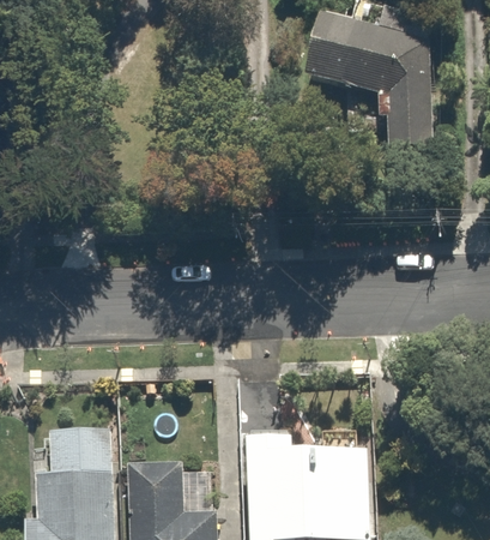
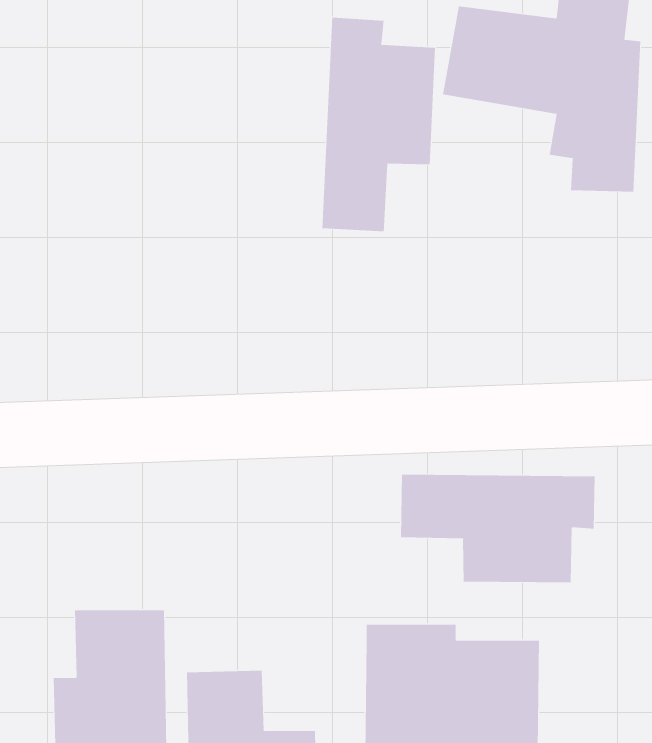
building: none -> [322,17,435,232]
building: none -> [400,474,595,583]

